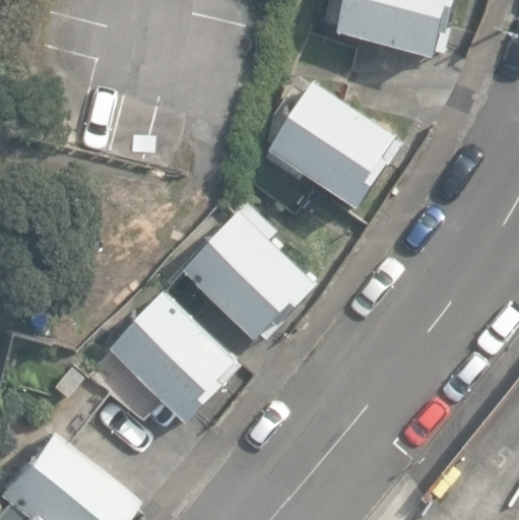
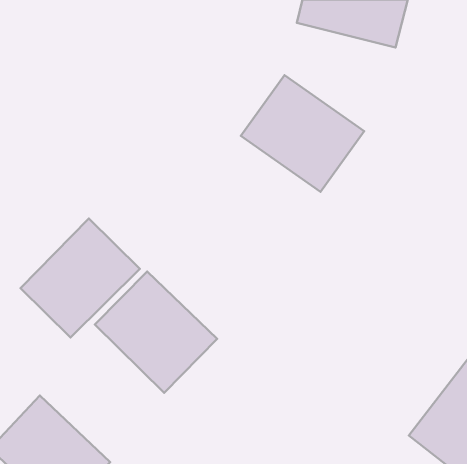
building: [184,213,315,343] -> none
building: none -> [20,218,140,338]

